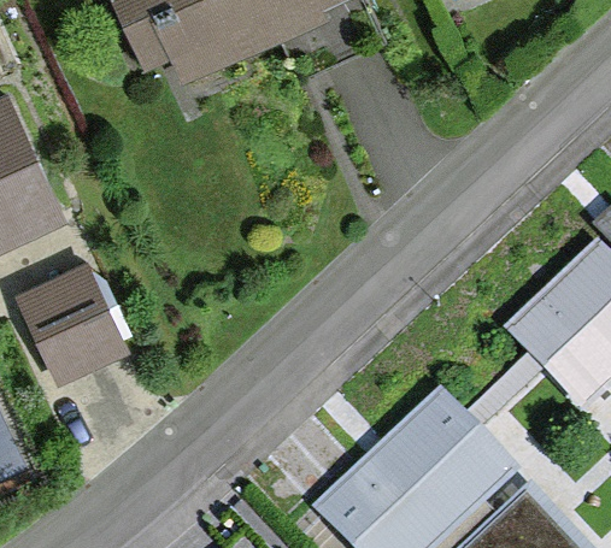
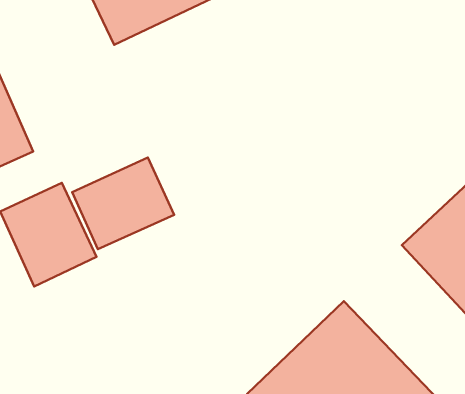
building: none -> [72,157,174,249]

